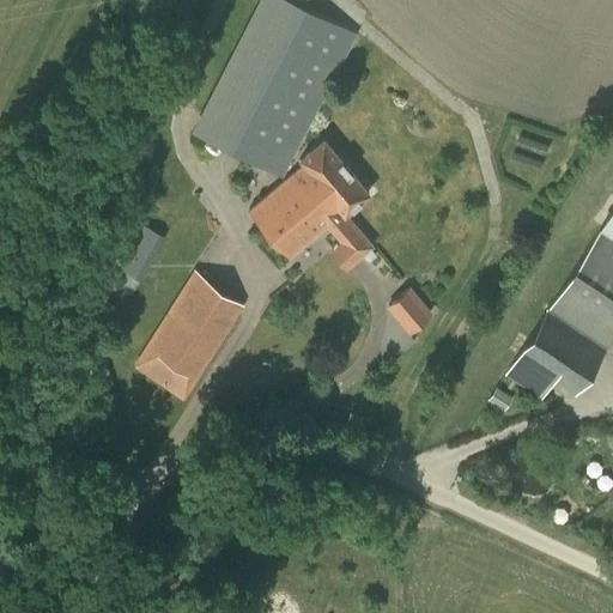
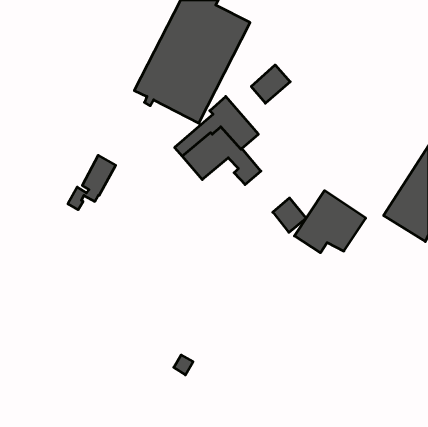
building: none -> [251,65,290,103]
building: [135,273,244,402] -> none
building: [505,311,607,400] -> [294,191,366,253]

